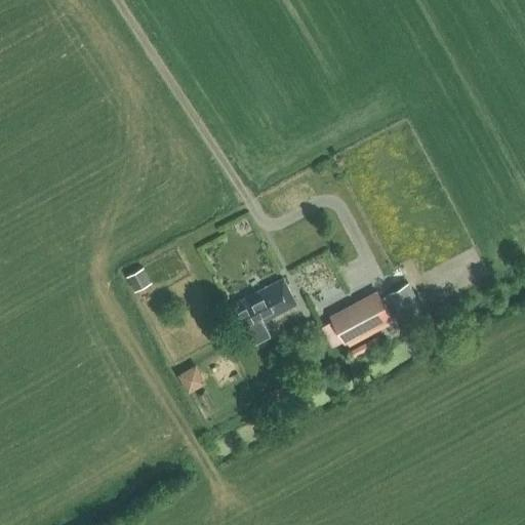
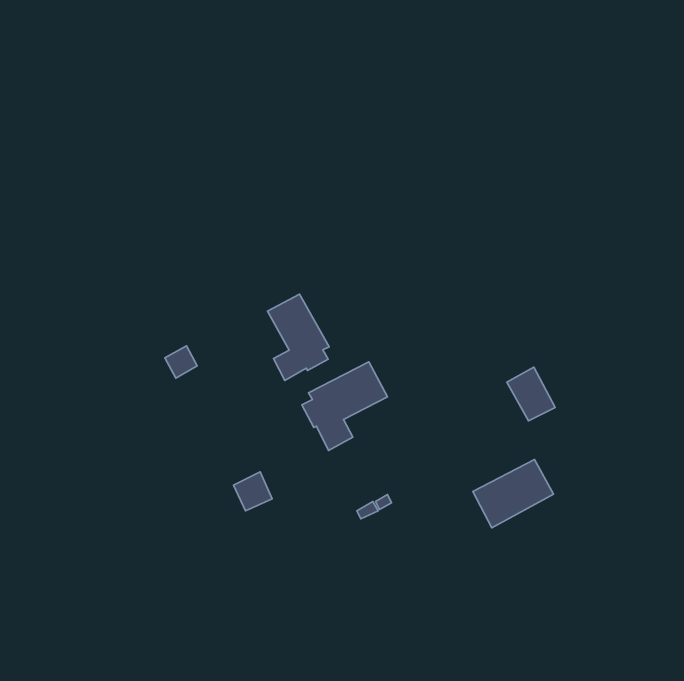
building: none -> [268,294,329,380]
building: [329,293,391,346] -> [473,459,553,528]

